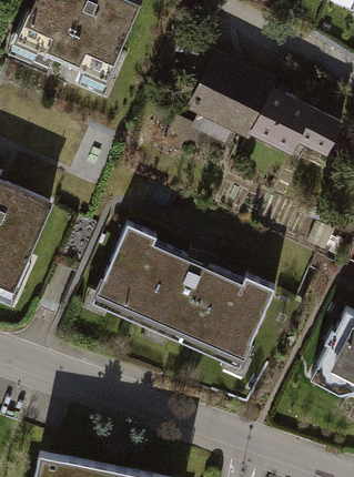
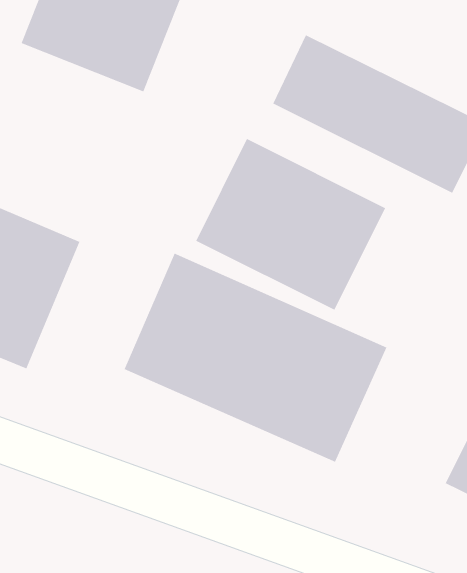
building: none -> [195,138,386,311]

